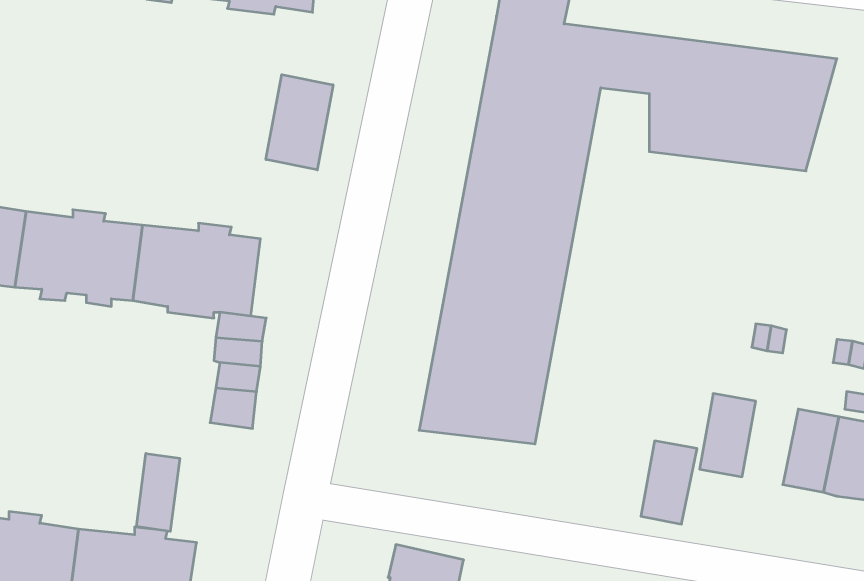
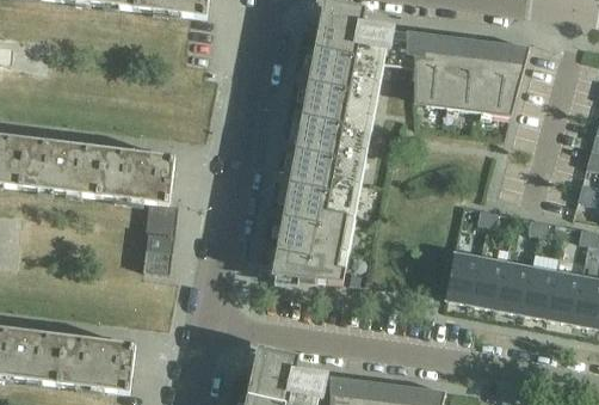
building: [266,75,333,170] -> none
building: [641,441,697,524] -> [470,257,505,308]
building: [137,453,180,531] -> none

